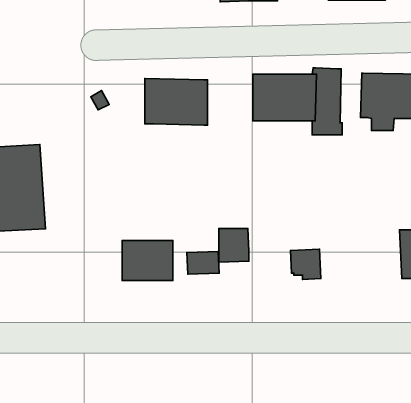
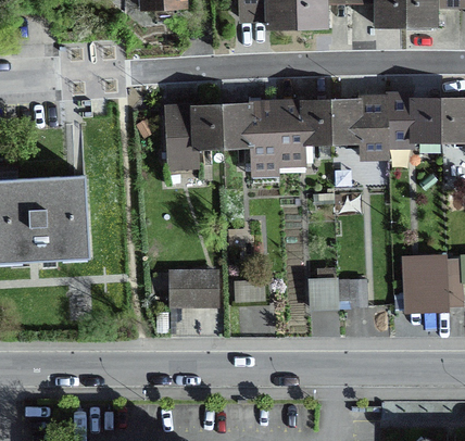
building: none -> [385,91,414,150]
building: none -> [249,100,306,177]
building: none -> [164,104,199,171]
building: none -> [401,255,449,315]
building: [219,229,249,262] -> [307,278,338,312]

